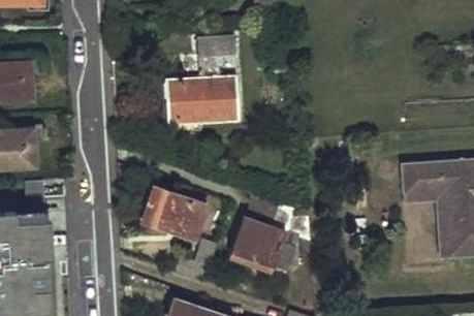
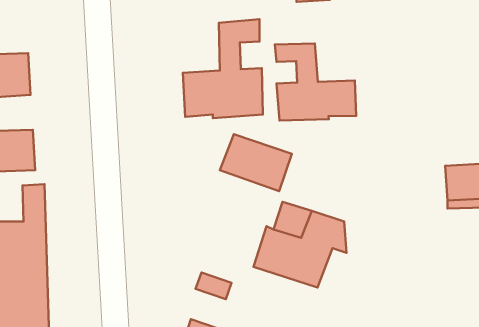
building: none -> [275,44,356,121]
building: [141,188,206,239] -> [220,134,292,191]

